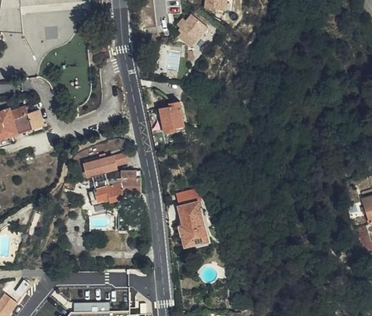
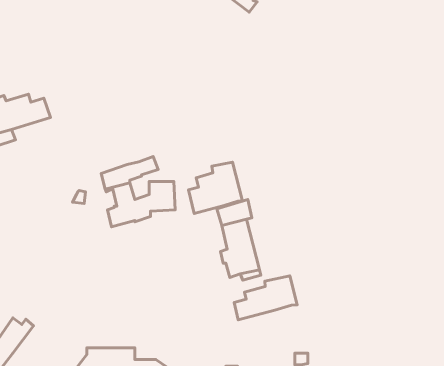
building: [157,101,182,132] -> none
building: none -> [188,162,242,214]
building: none -> [234,276,297,320]

